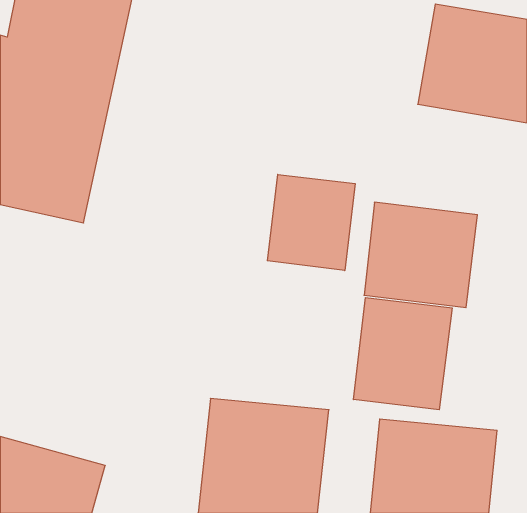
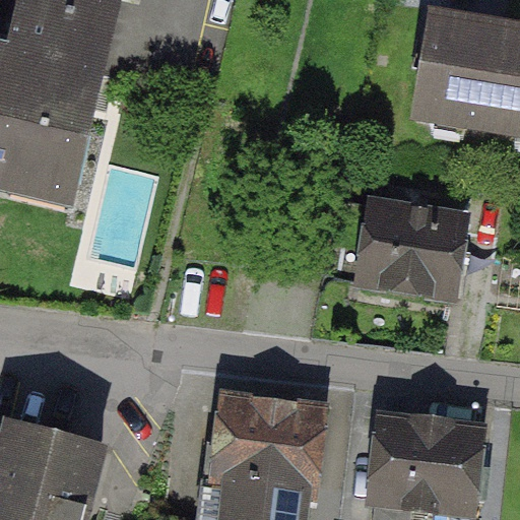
building: [267,174,355,271] -> none
building: [353,298,452,410] -> none

